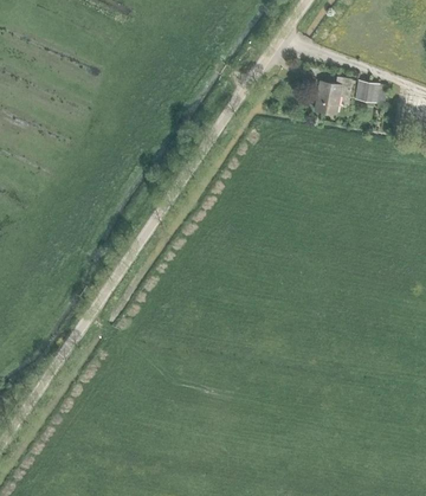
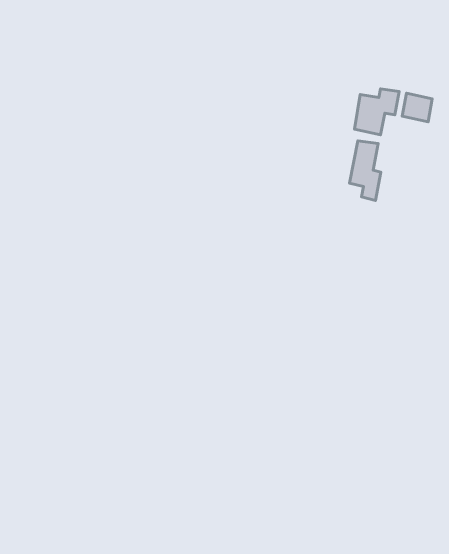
building: none -> [350,141,381,200]

